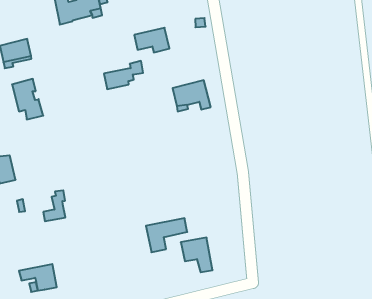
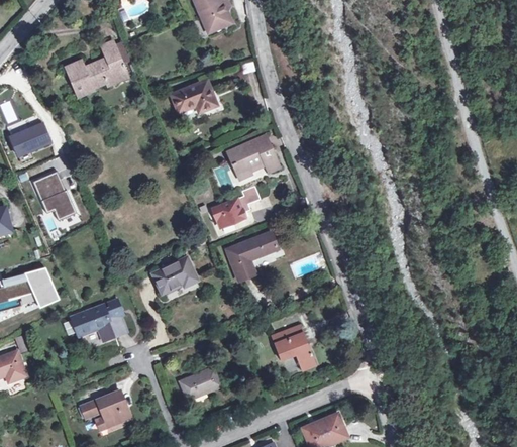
building: [104,61,143,89] -> [212,186,260,227]
building: none -> [152,257,197,292]
building: none -> [71,304,110,336]
building: [146,218,187,252] -> [225,232,277,281]
building: none -> [179,367,220,400]

